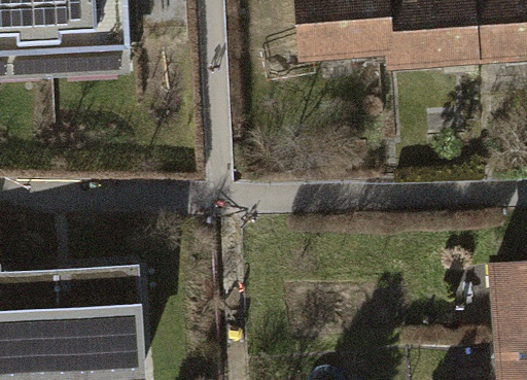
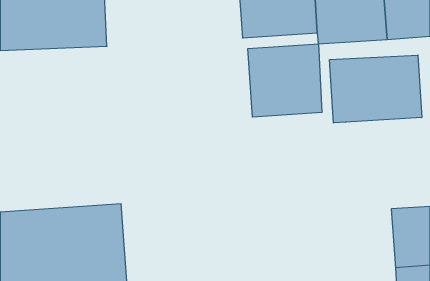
building: none -> [248,44,322,117]
building: none -> [330,55,422,123]

